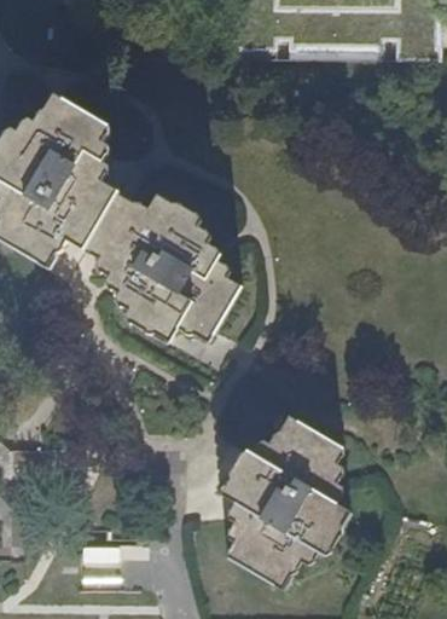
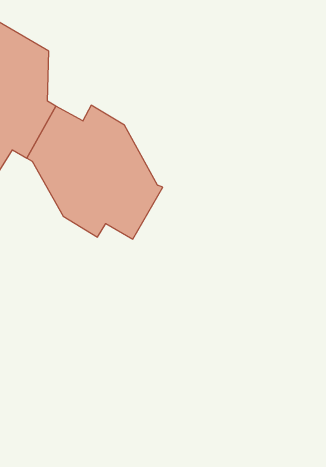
building: [205,405,342,583] -> none

